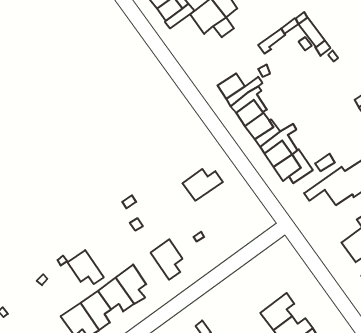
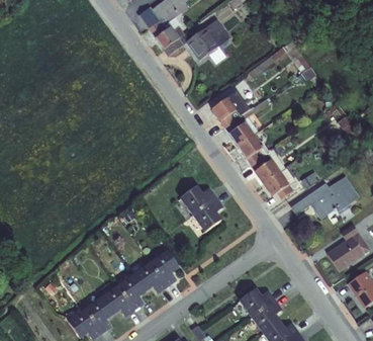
building: none -> [191,197,223,232]
building: [68,250,104,284] -> [133,262,167,293]
building: none -> [238,287,275,318]

